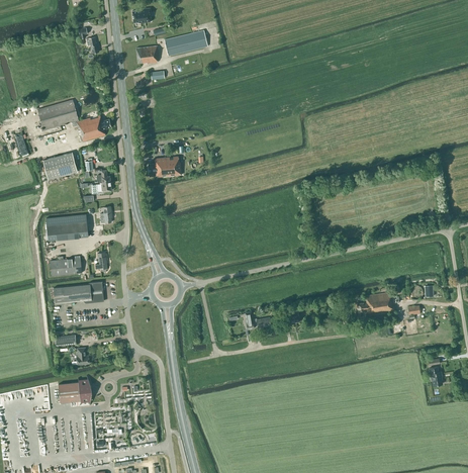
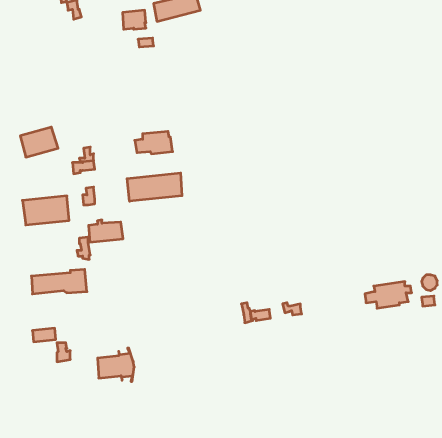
building: [37,99,111,141] -> none
building: none -> [127,173,182,201]
building: [51,256,82,276] -> [89,220,123,242]
building: [59,375,92,405] -> [98,348,134,381]

